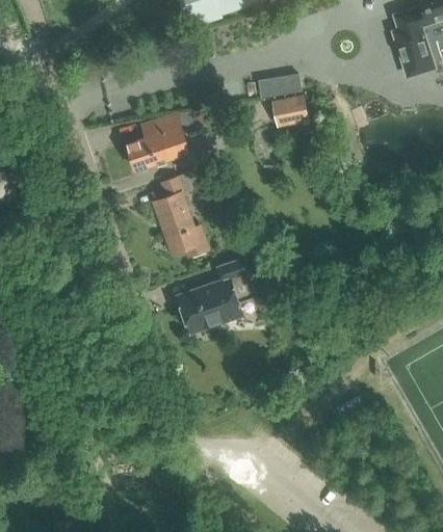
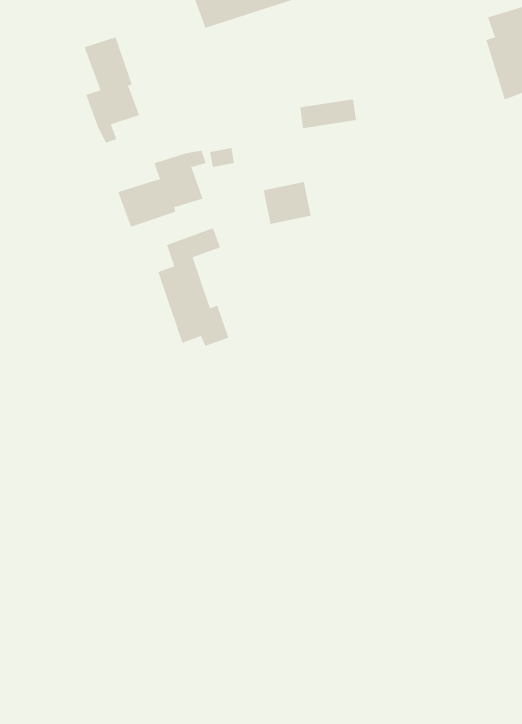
building: none -> [84,37,140,143]
building: [271,96,307,127] -> [263,181,312,224]
building: [178,260,265,331] -> none

